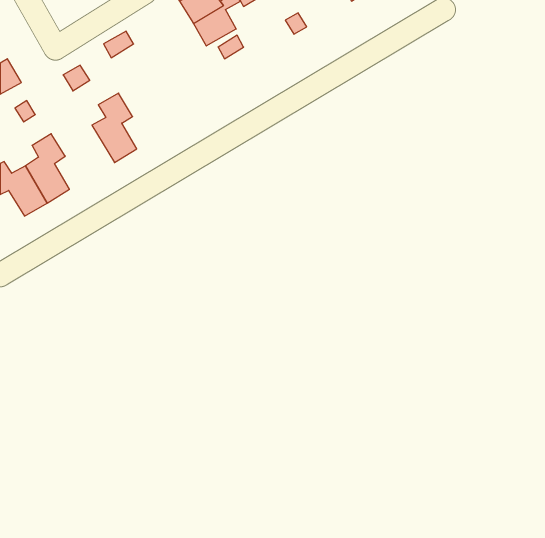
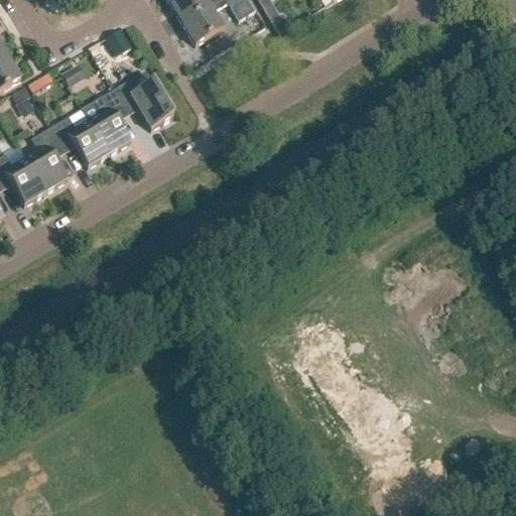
building: none -> [113,77,172,128]
building: none -> [49,115,109,166]

